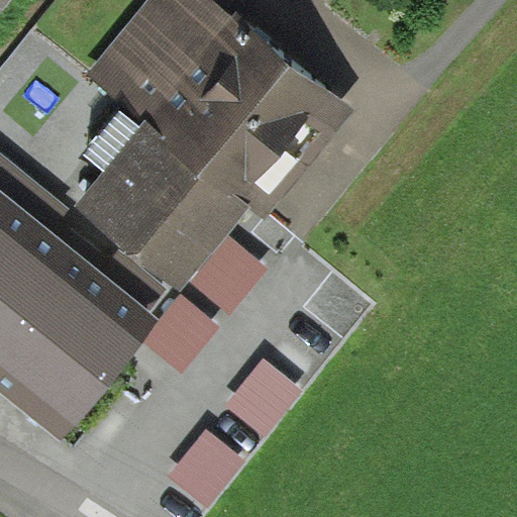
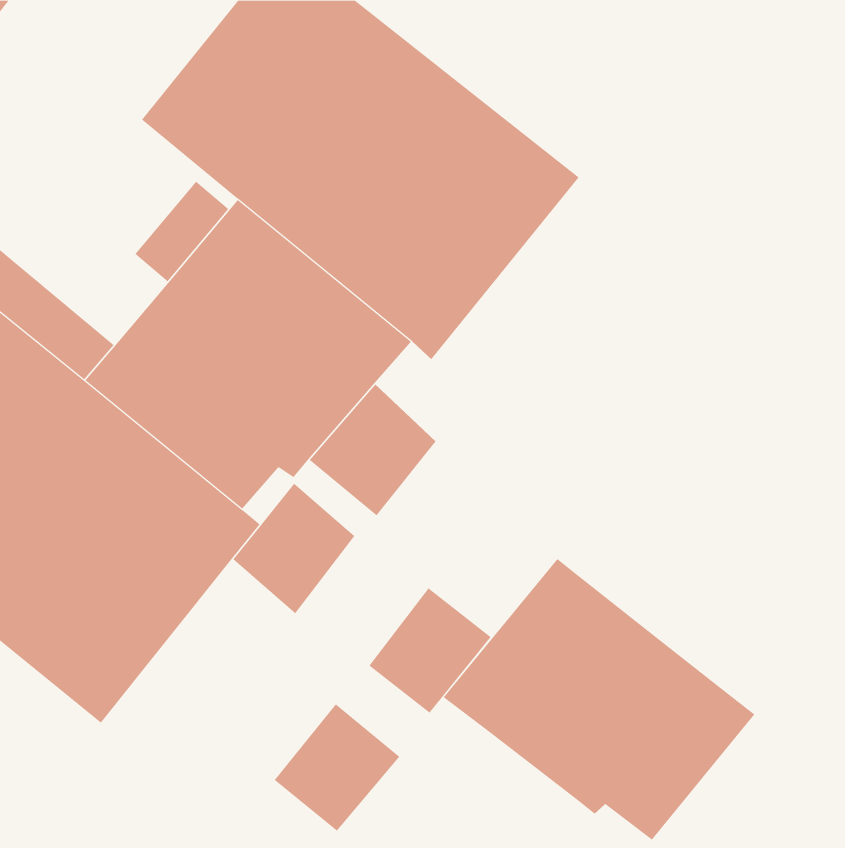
building: none -> [443,558,755,840]

